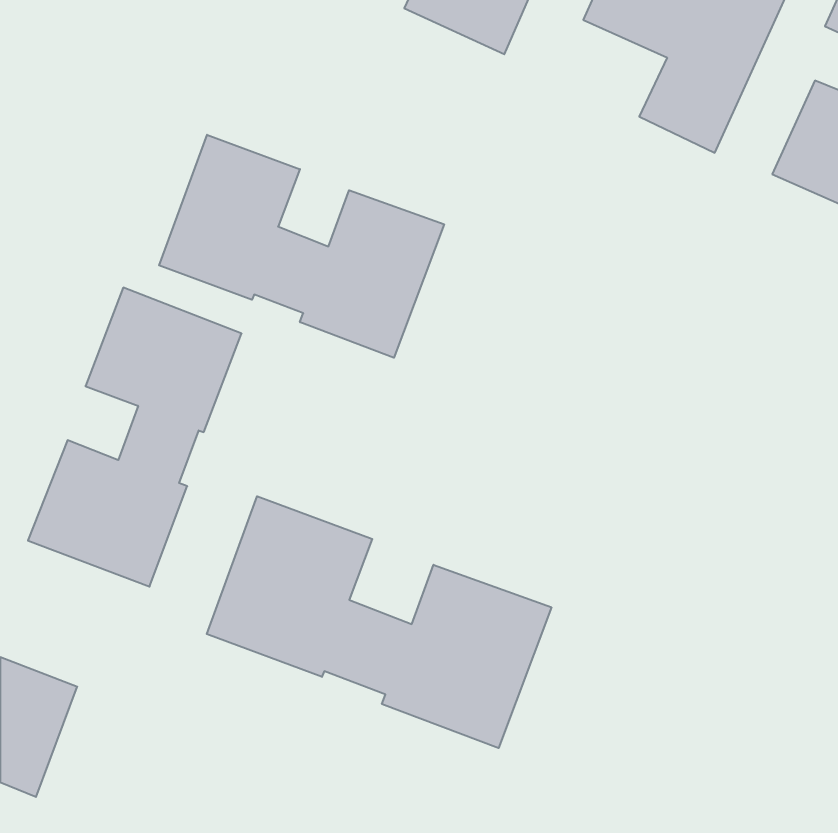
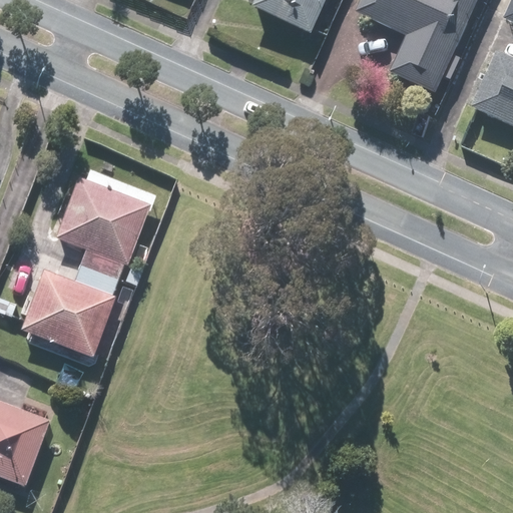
building: [159,135,444,358] -> none
building: [207,496,551,748] -> none

